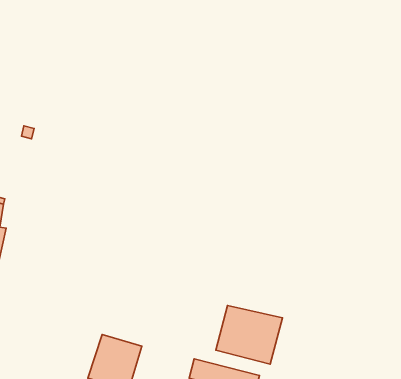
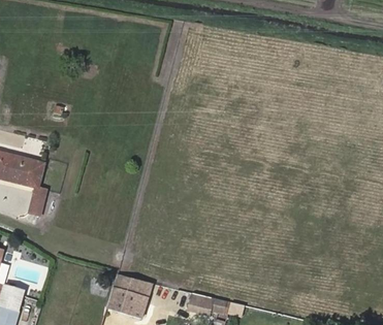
building: [216,305,282,364] -> none

